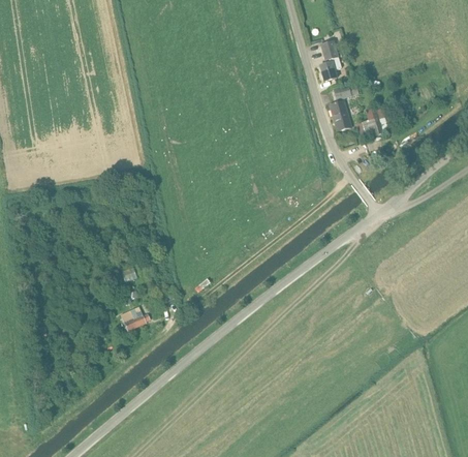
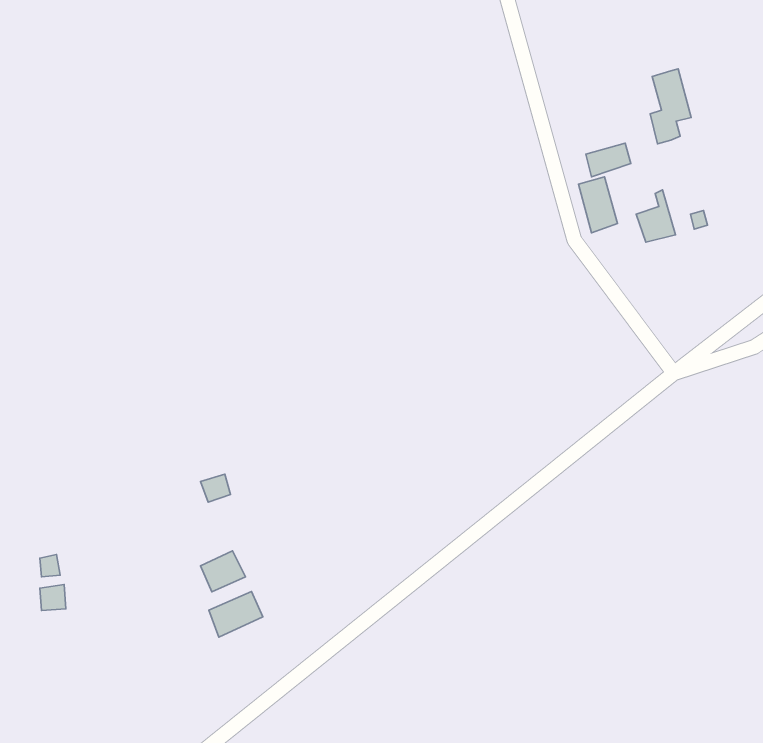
building: [319,41,342,83] -> [650,69,691,144]
building: none -> [209,591,263,637]

